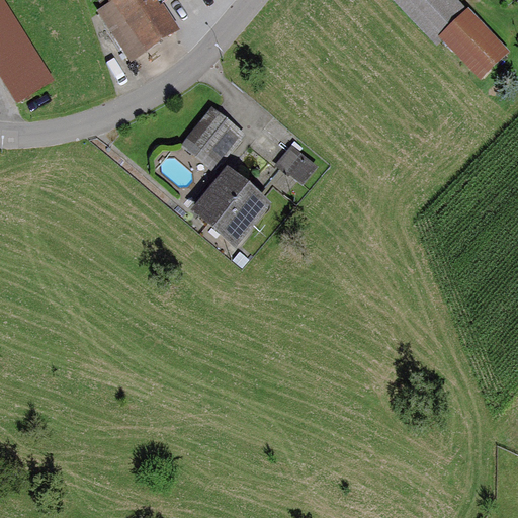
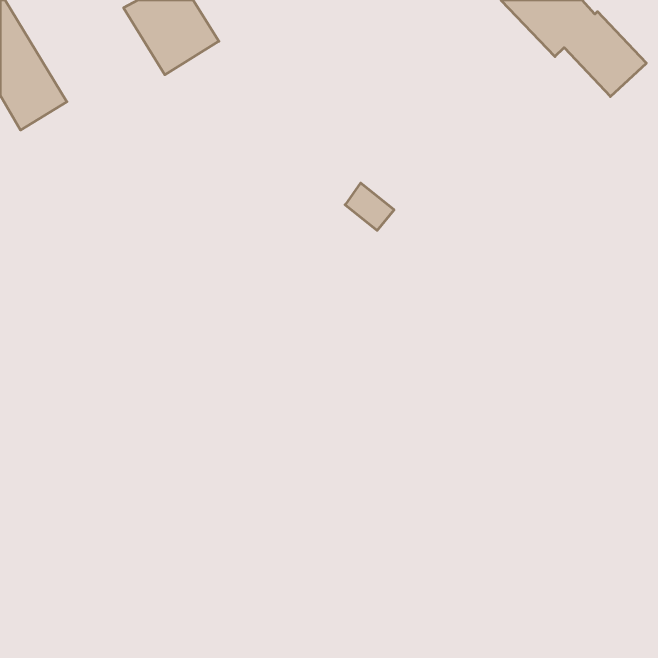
building: [185,116,232,164] -> none
building: [194,175,259,237] -> none

